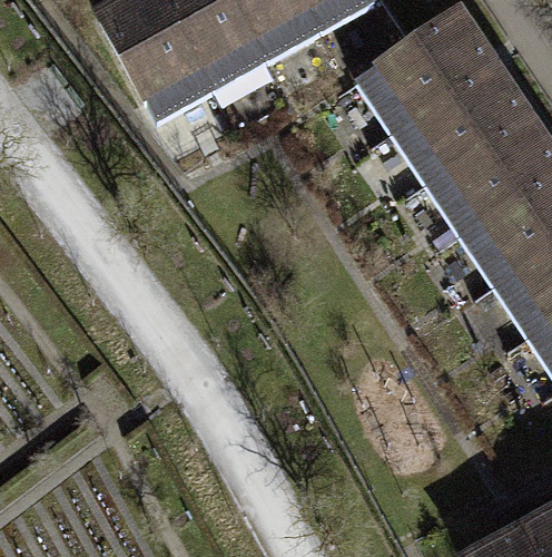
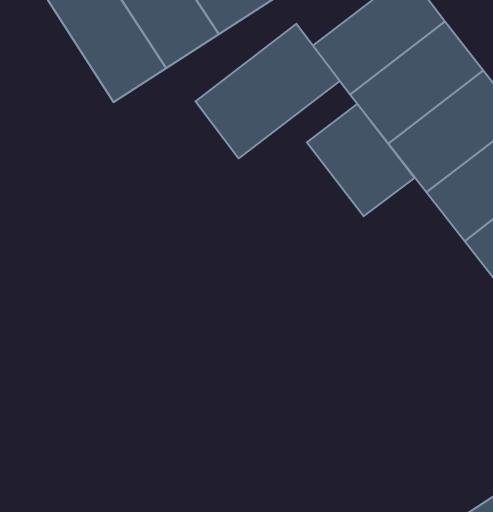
building: none -> [195,24,340,158]
building: none -> [307,104,414,216]

